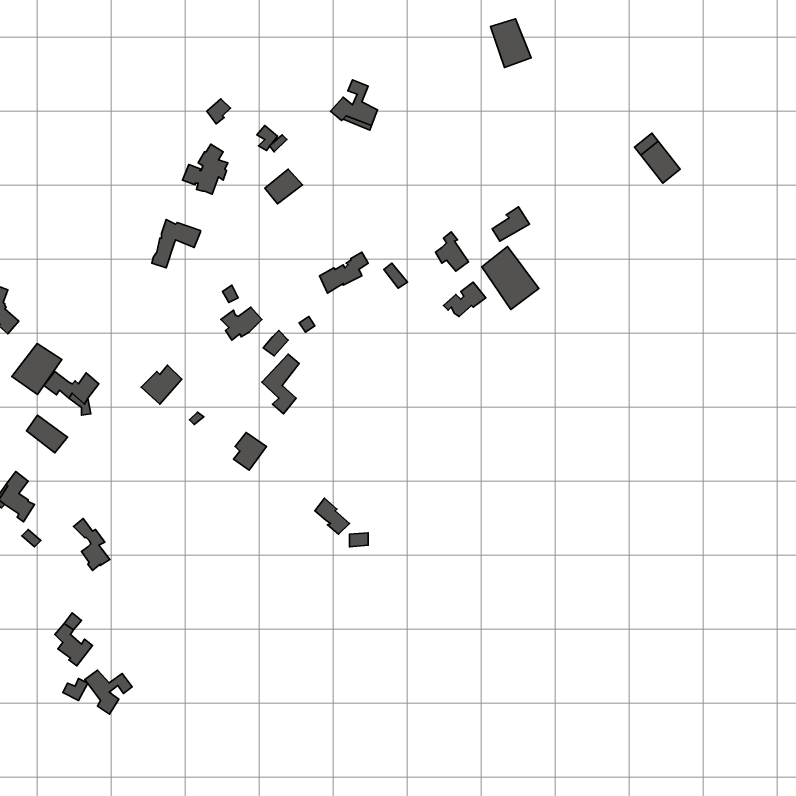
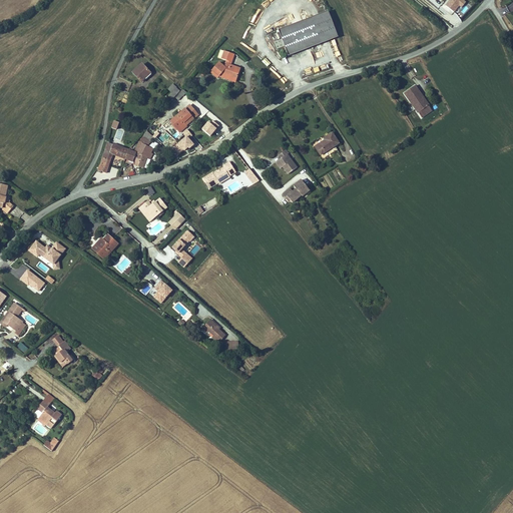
building: none -> [276,17,323,56]
building: [183,144,228,194] -> [124,135,153,167]
building: [482,247,539,309] -> none
building: [12,343,62,395] -> none
building: [85,670,132,714] -> none

